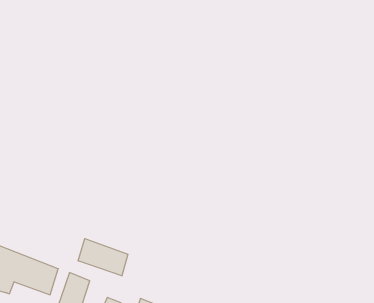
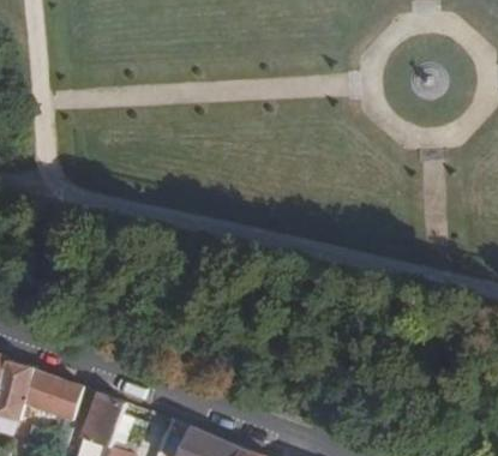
building: [78,239,128,276] -> none

